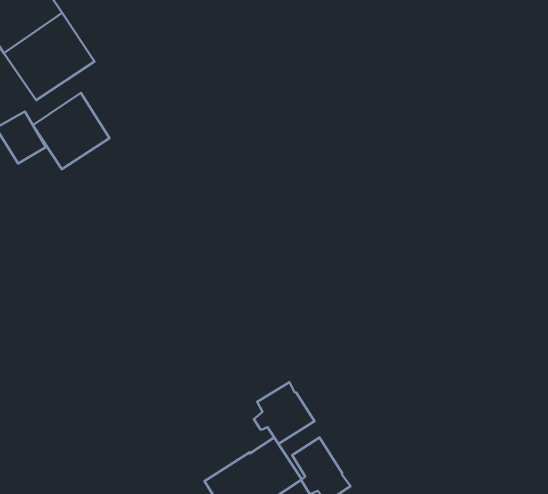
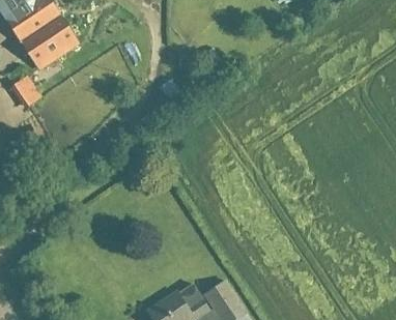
building: [33,93,109,169] -> none
building: [254,382,314,444] -> none

